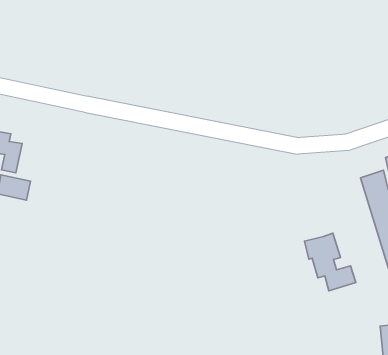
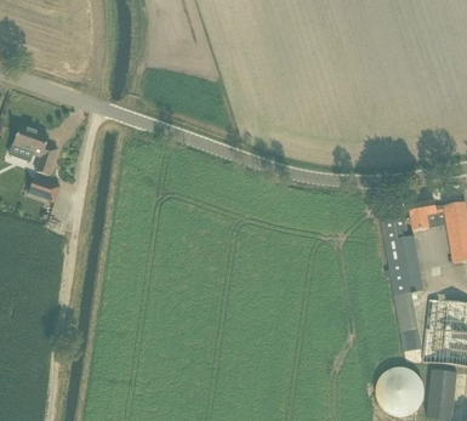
building: [305,233,356,291] -> none

